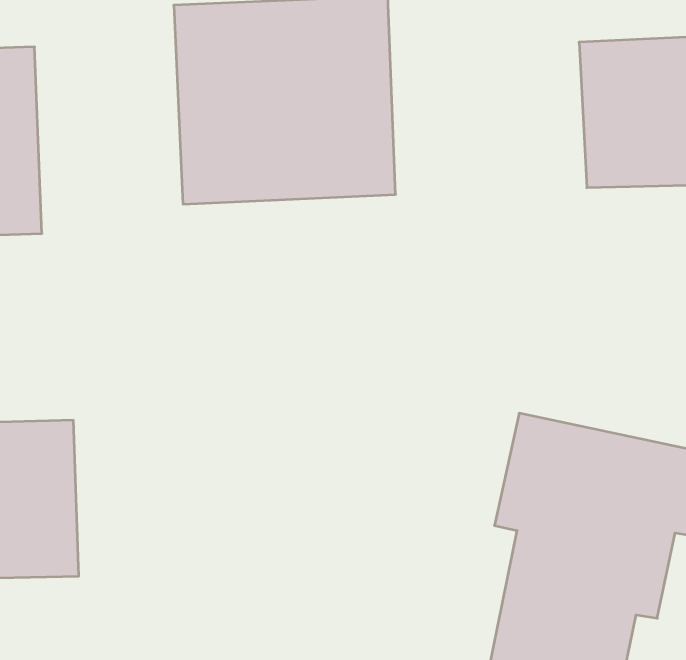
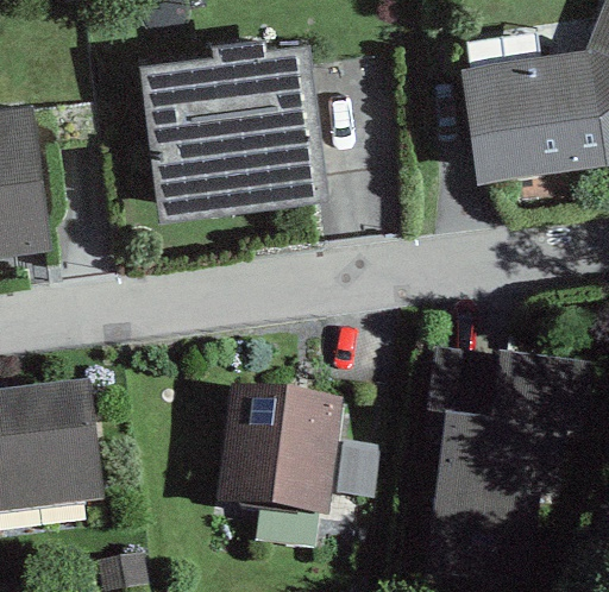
building: none -> [214,395,343,525]

